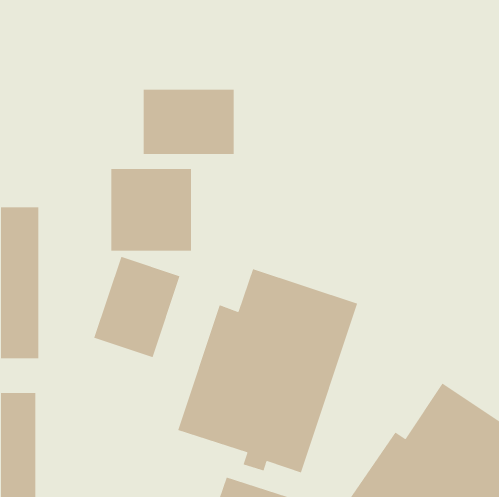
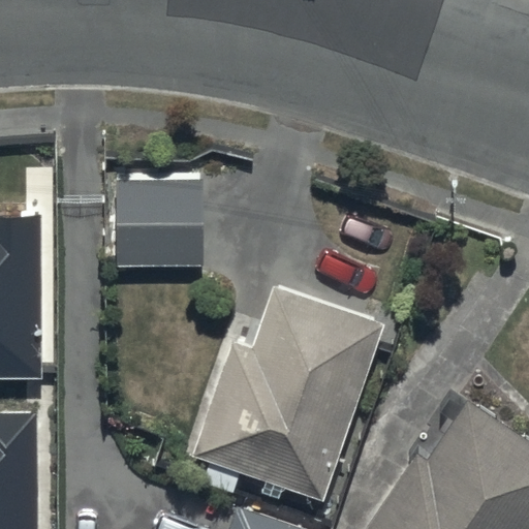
building: [143,89,235,155] -> none
building: [93,256,181,358] -> none

